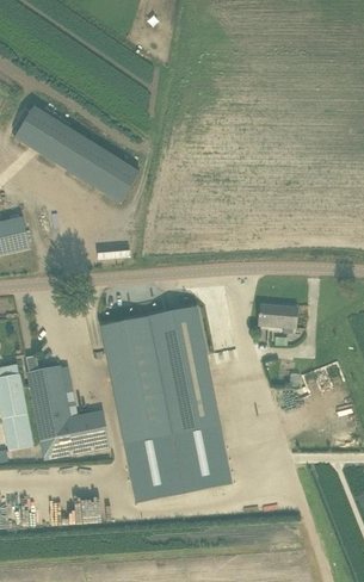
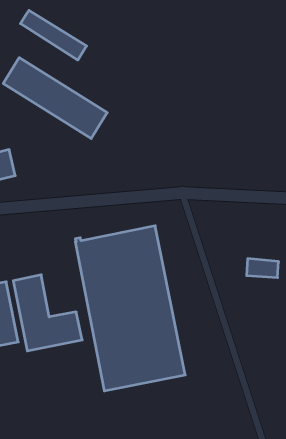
building: none -> [20,10,87,60]
building: [258,304,296,327] -> [247,259,279,278]

